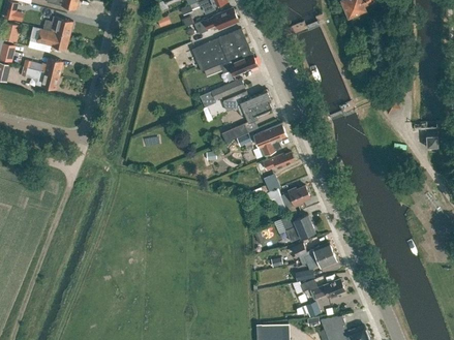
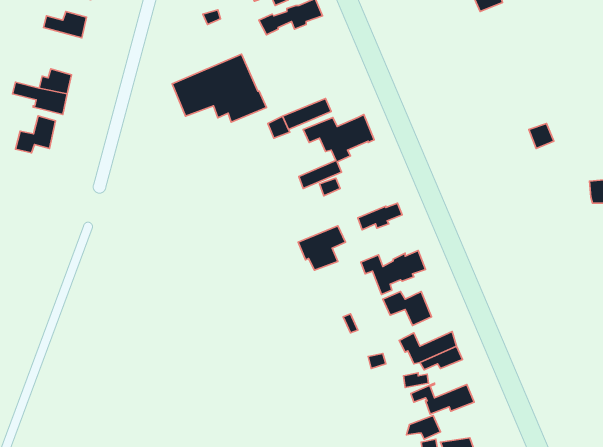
building: [37,29,70,50] -> none
building: [192,29,259,76] -> [172,54,267,122]
building: none -> [15,116,56,153]
building: [254,124,287,155] -> [298,226,345,270]

